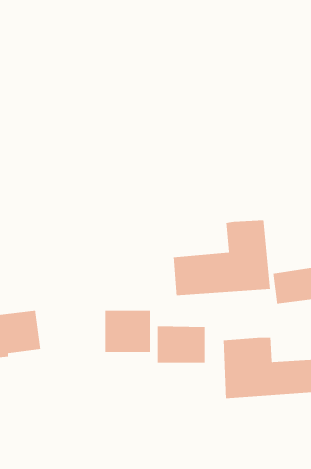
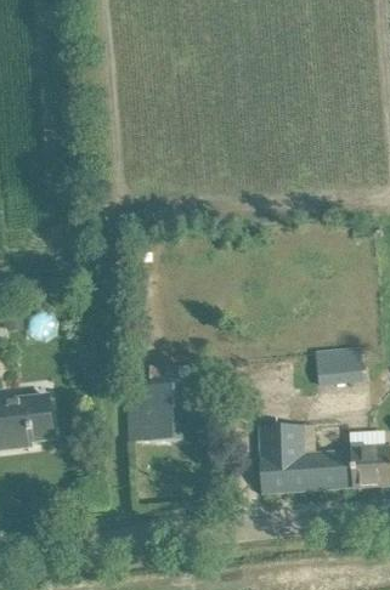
building: [173,220,271,296] -> none
building: [157,325,206,363] -> none

